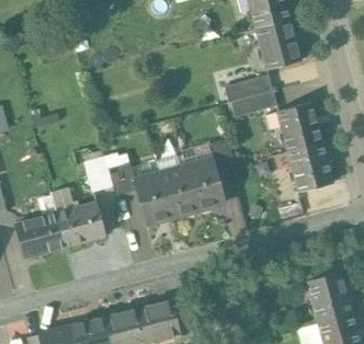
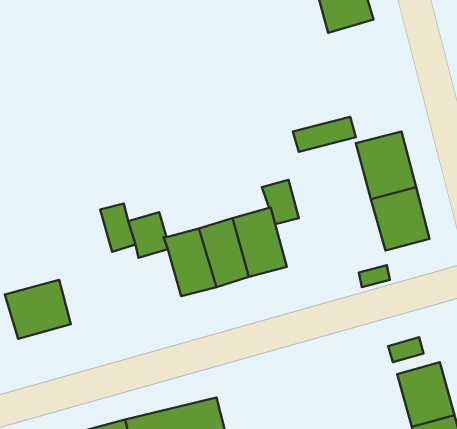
building: [254,19,300,69] -> none
building: [223,73,272,103] -> none
building: [55,202,103,245] -> none

